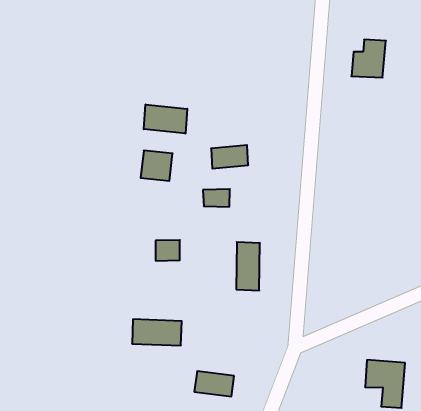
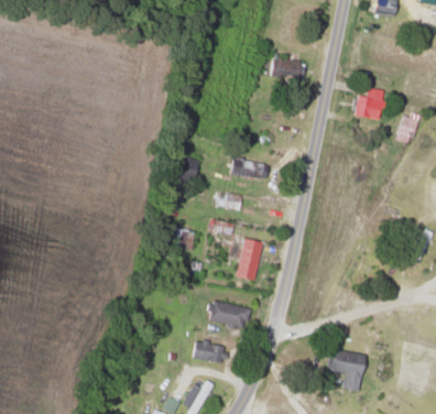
building: none -> [272,59,305,77]
building: [144,104,187,134] -> none
building: [132,319,182,345] -> [208,301,251,327]

